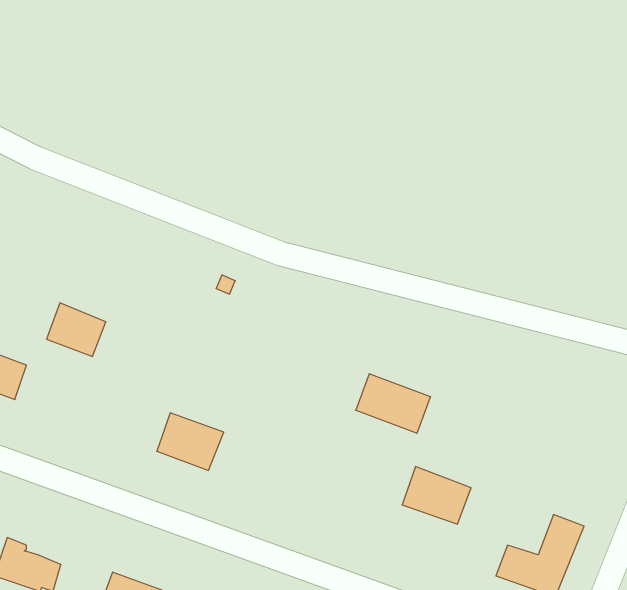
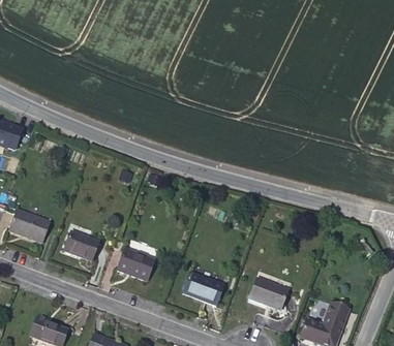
building: [47,303,106,356] -> [65,230,97,259]
building: [356,374,431,433] -> [183,272,223,304]

